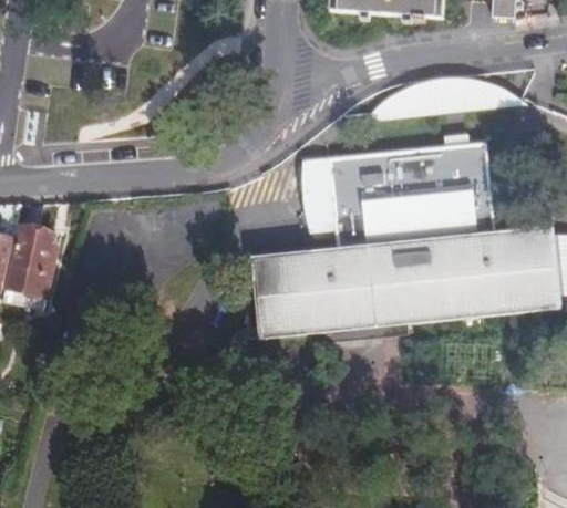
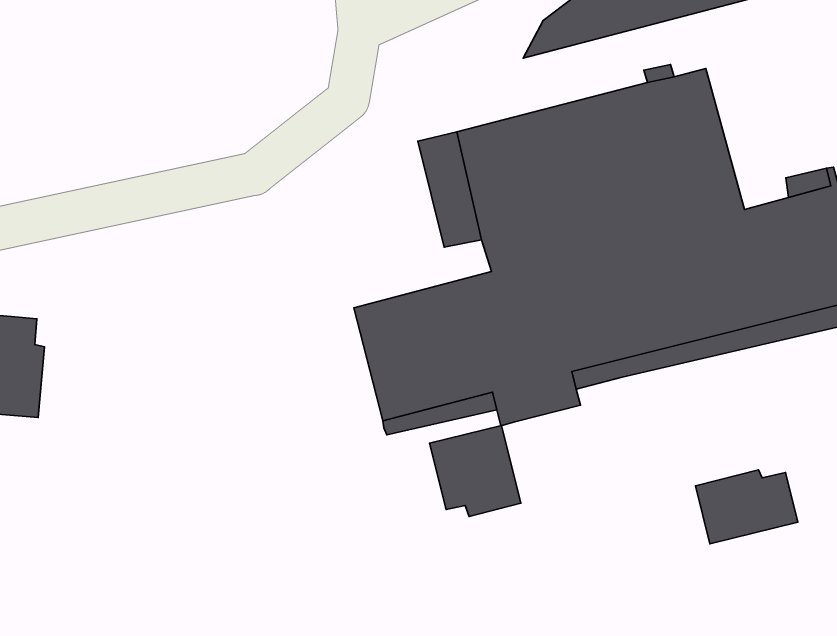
building: none -> [430,426,521,517]
building: none -> [696,470,798,544]

